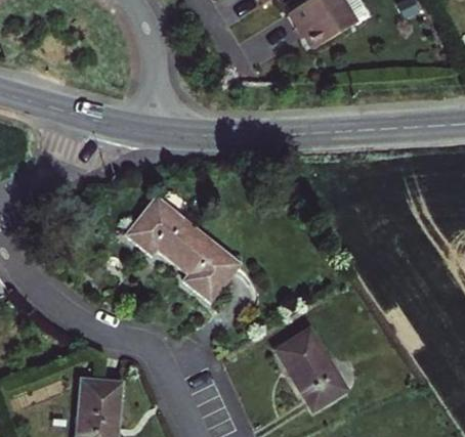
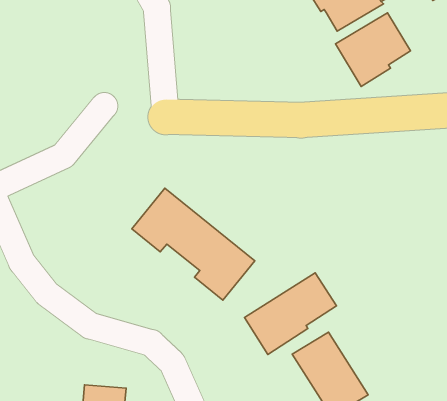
building: none -> [336,13,411,87]
building: none -> [244,273,336,355]

